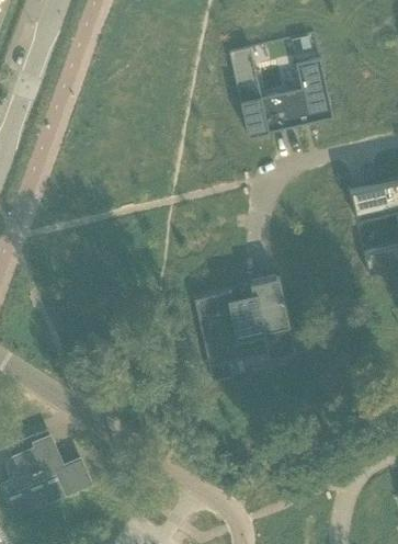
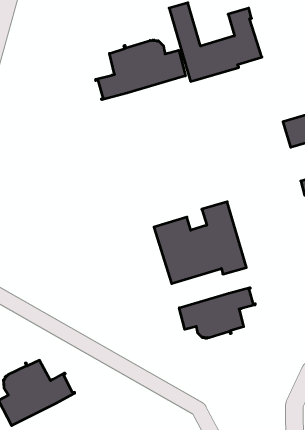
building: none -> [96,40,185,100]
building: none -> [179,288,255,338]

